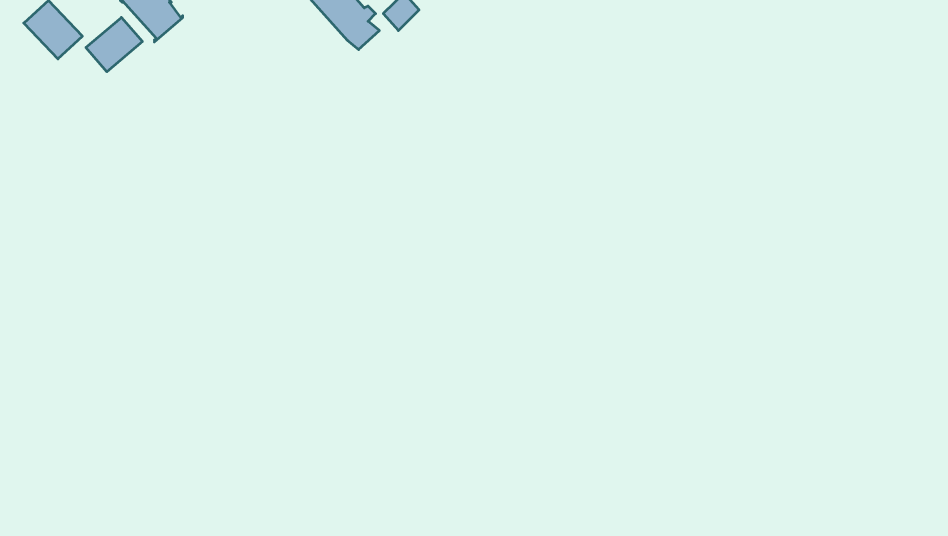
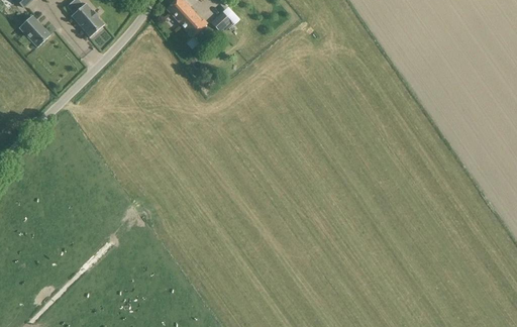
building: [86,17,142,72] -> none

